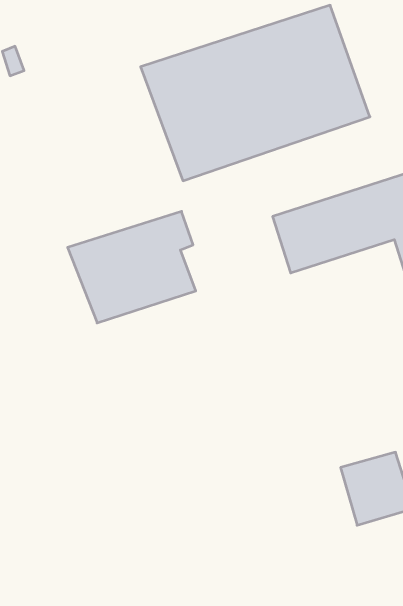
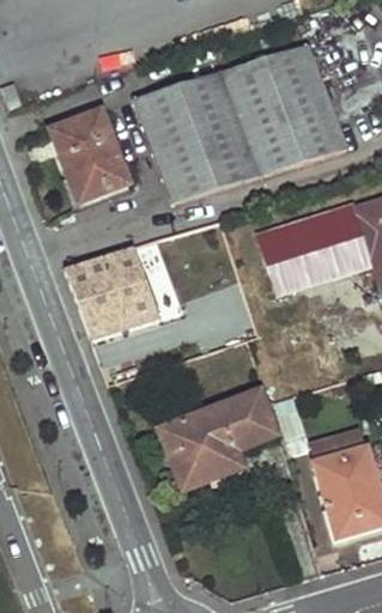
building: none -> [54,115,127,201]
building: none -> [162,389,277,491]
building: none -> [310,429,371,474]

